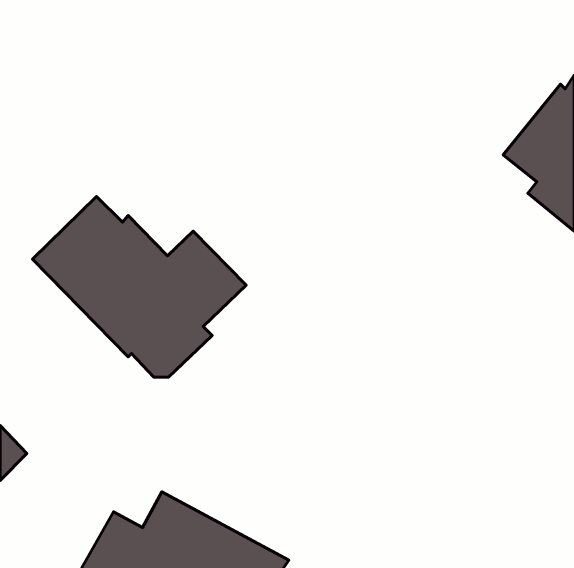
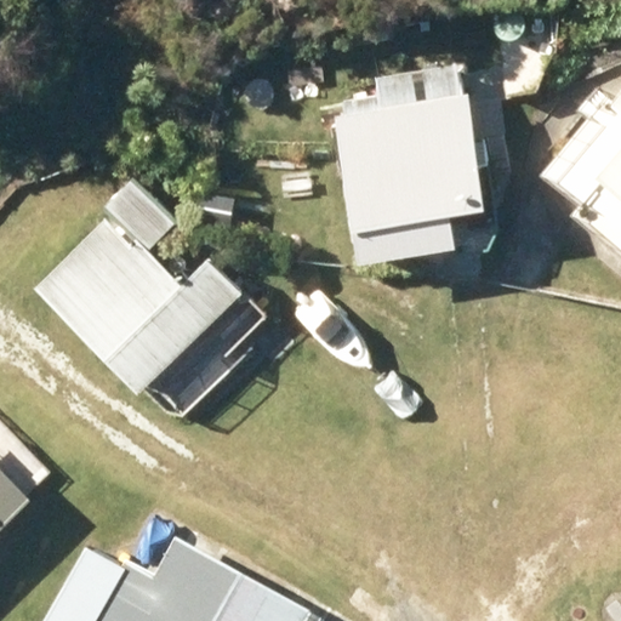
building: none -> [337,95,489,260]

